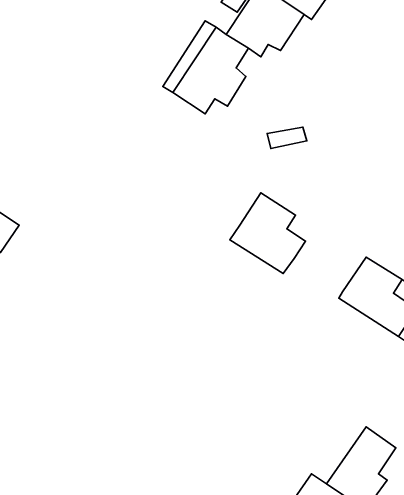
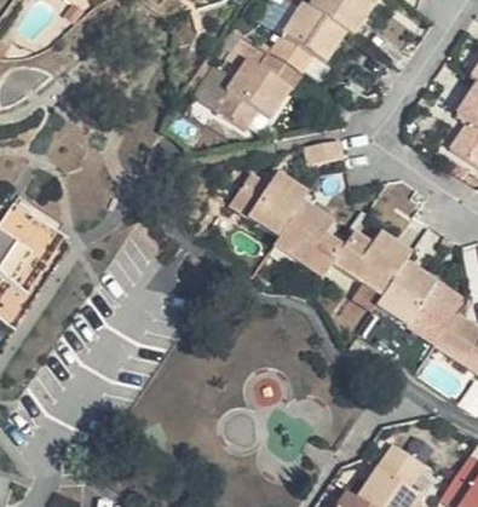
building: none -> [232,169,309,235]
building: none -> [334,235,410,300]

